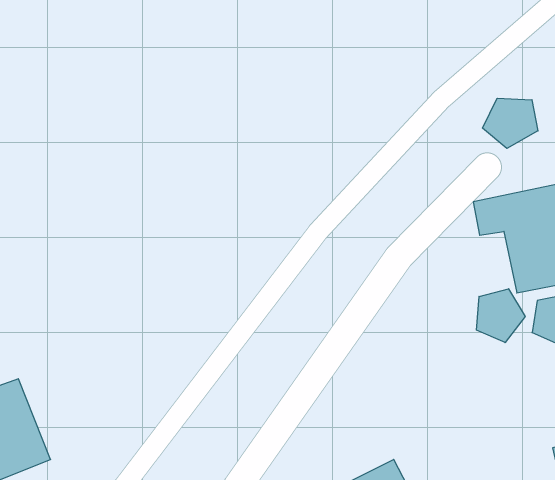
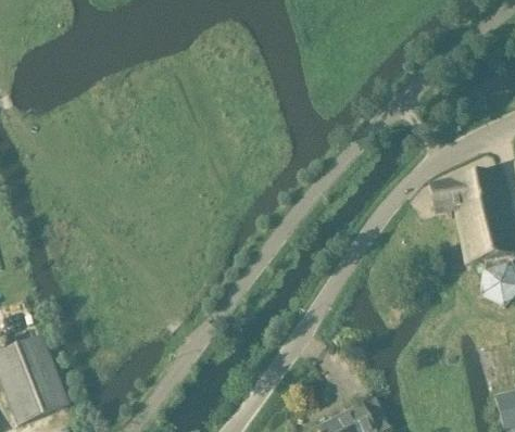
building: [482,98,538,148] -> none
building: [477,289,525,343] -> none

